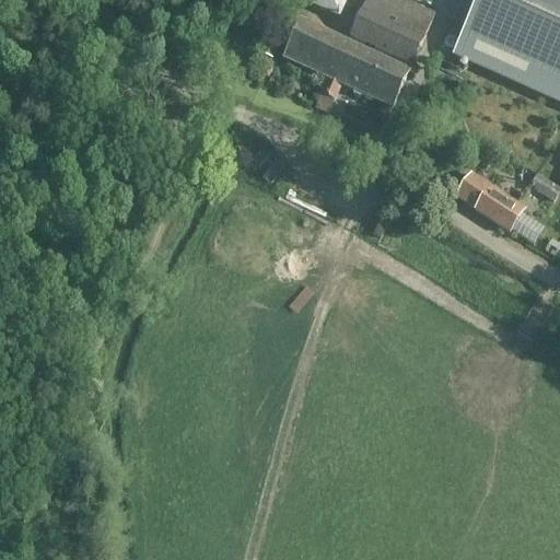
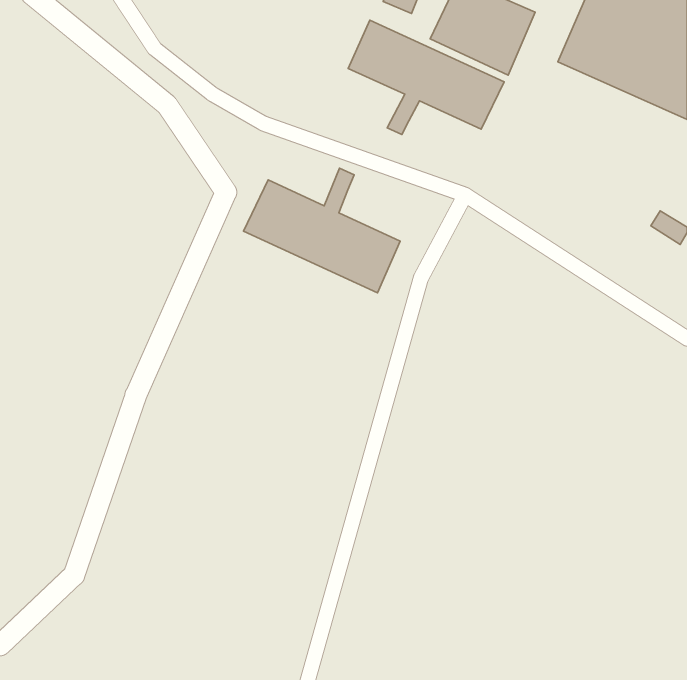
building: none -> [244,168,400,293]
building: [455,171,525,231] -> none

